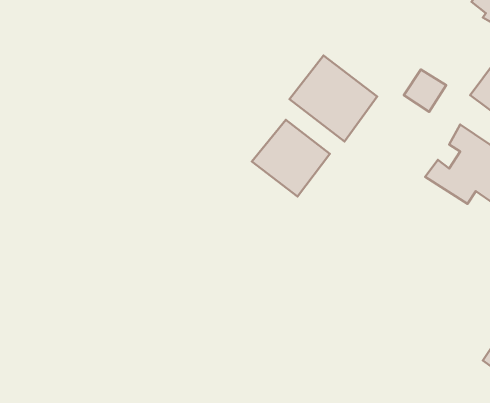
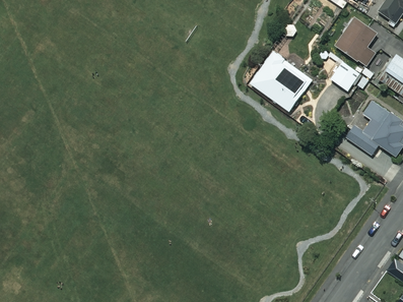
building: none -> [336,19,376,65]
building: [252,120,330,197] -> none

